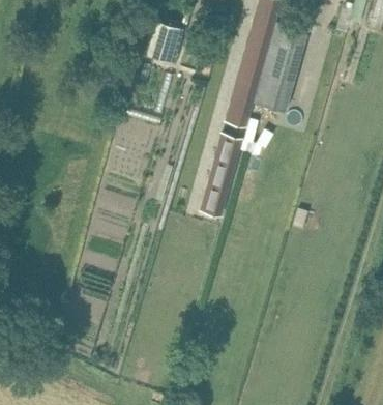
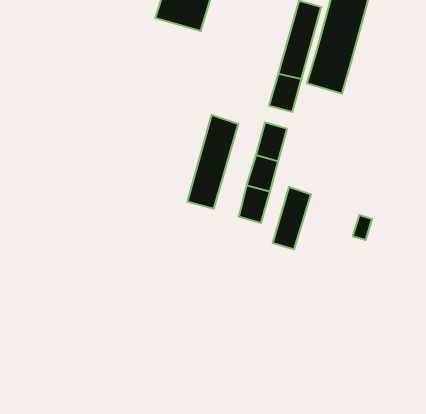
building: none -> [188,115,238,209]
building: none -> [273,187,311,249]

